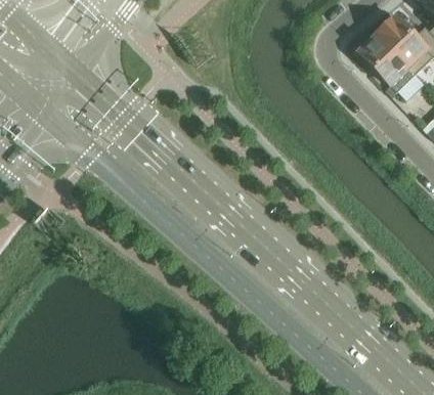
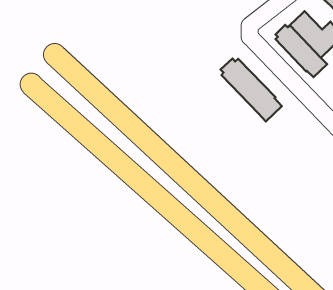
building: none -> [221,58,282,122]

